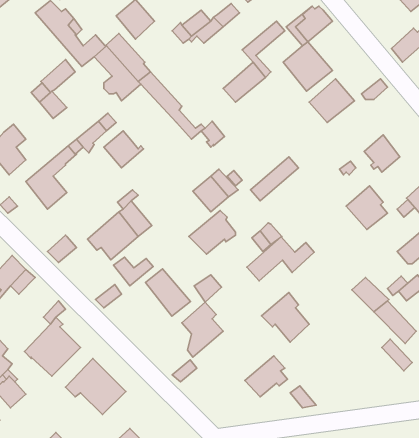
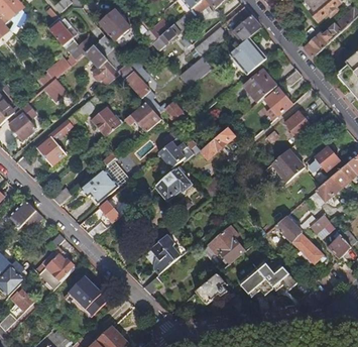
building: none -> [264,89,291,116]
building: none -> [124,102,160,135]
building: [247,237,314,281] -> [239,258,288,291]
building: [145,269,190,316] -> none

